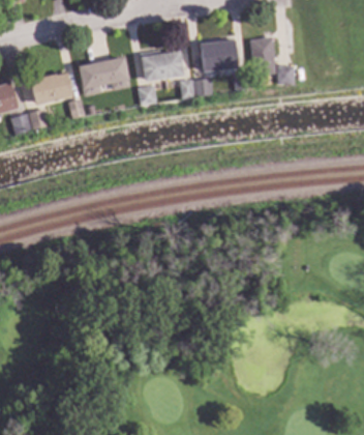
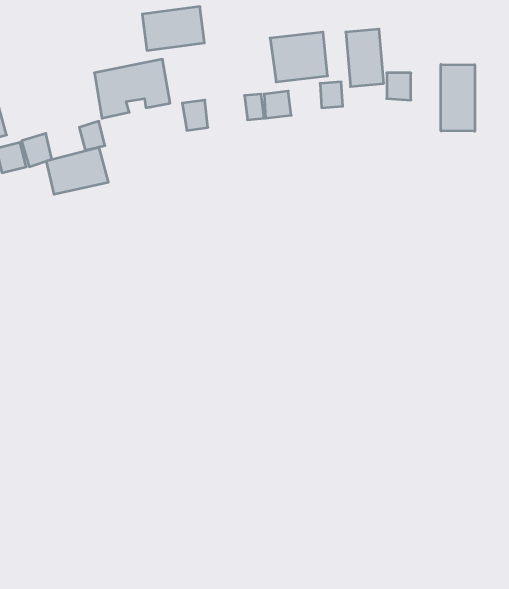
building: [141,51,183,81] -> [142,7,204,50]
building: none -> [441,64,475,131]
building: [30,71,72,104] -> [46,147,108,194]

